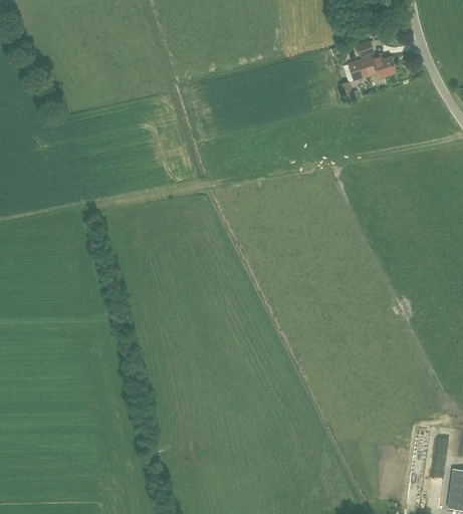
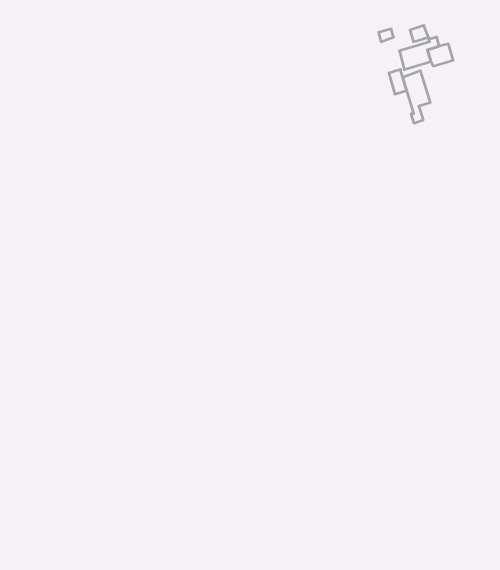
building: none -> [403,71,430,123]

